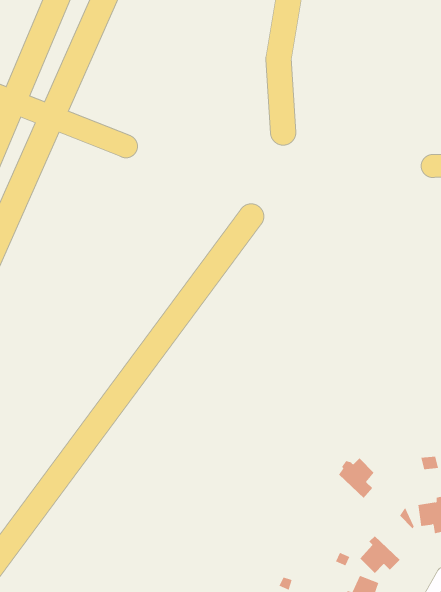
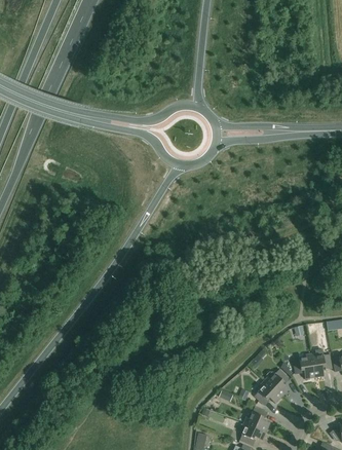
building: [338,458,375,499] -> [264,369,289,397]

